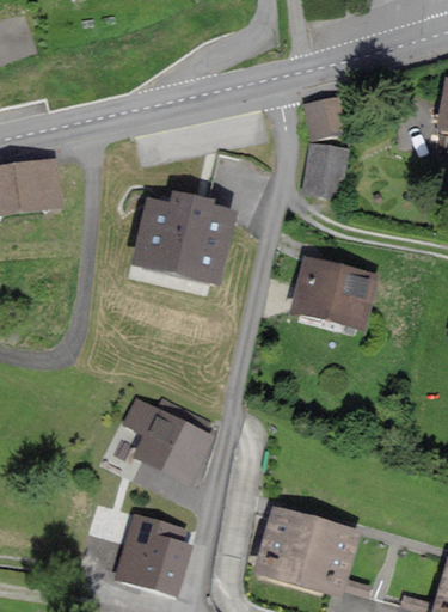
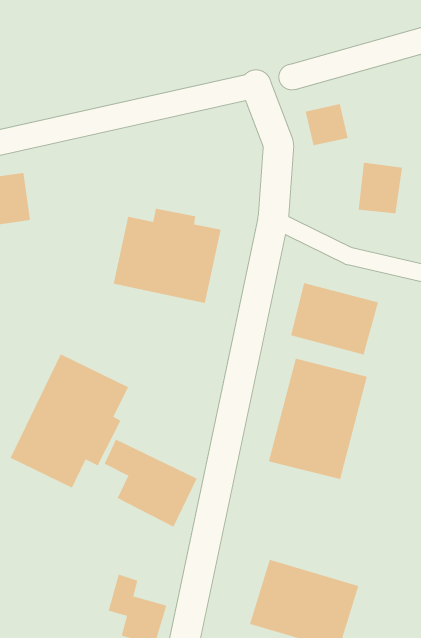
building: [305,147,345,194] -> [358,162,403,214]
building: none -> [10,353,129,488]
building: none -> [268,358,368,480]

